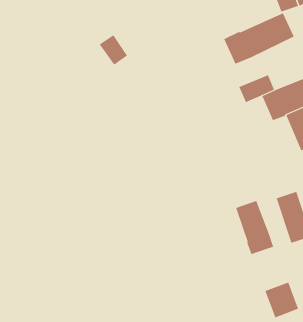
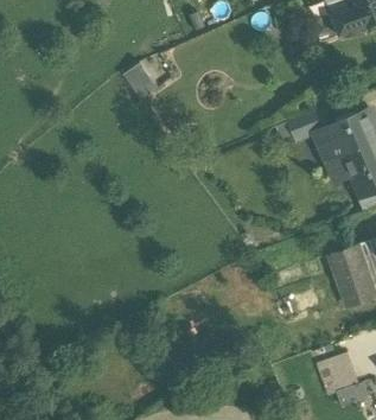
building: [224,12,295,65] -> none
building: [235,200,274,255] -> none

